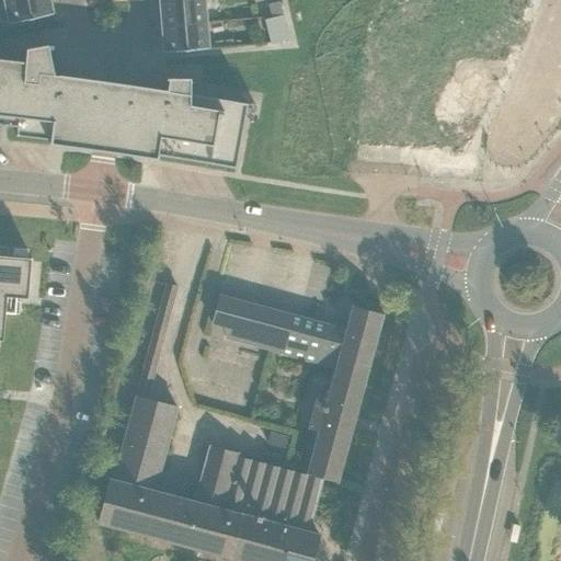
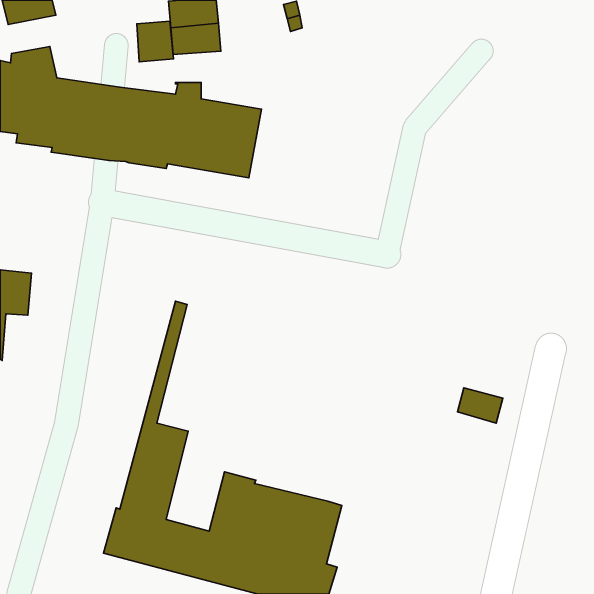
building: none -> [137,21,174,62]
building: [213,296,381,480] -> none
building: none -> [457,388,503,423]

